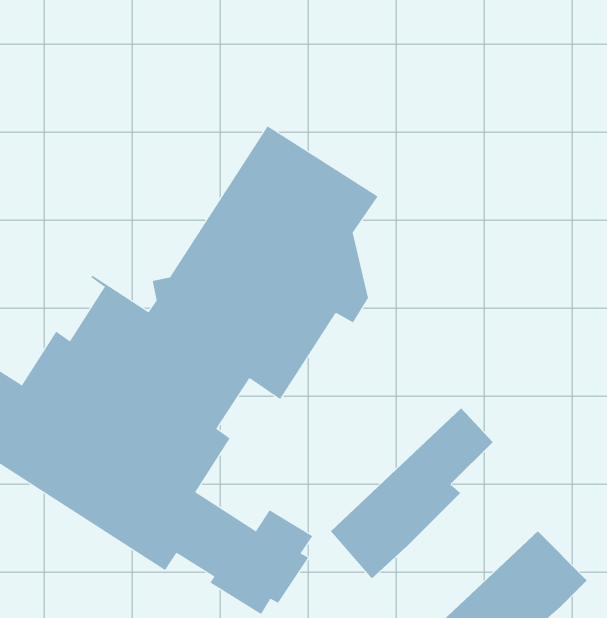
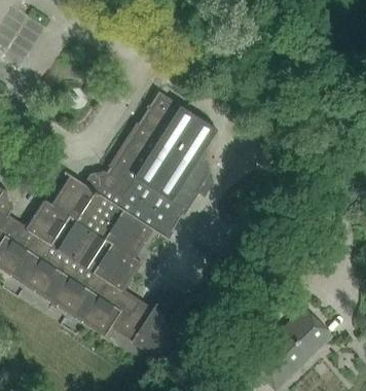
building: [330,408,494,579] -> none

